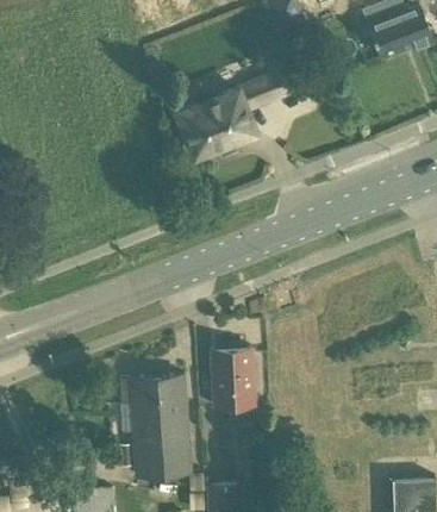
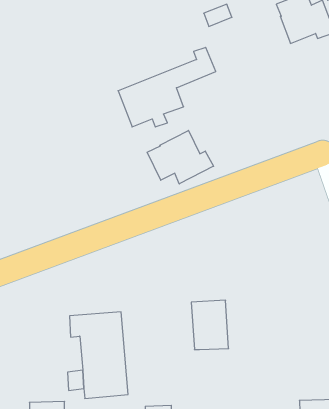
building: none -> [147,130,214,184]
building: [211,348,255,406] -> [191,300,229,350]

